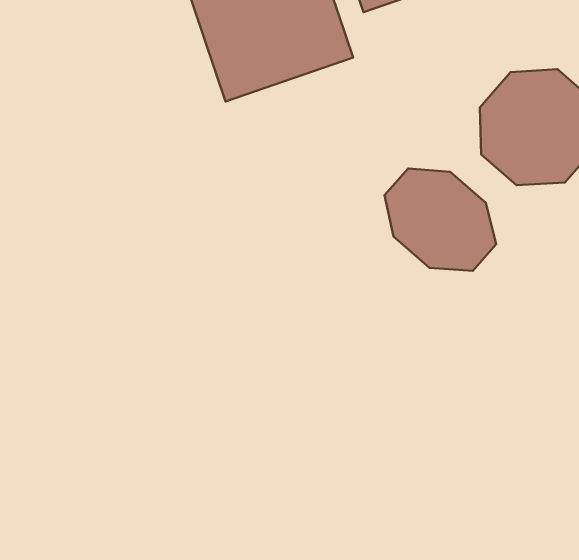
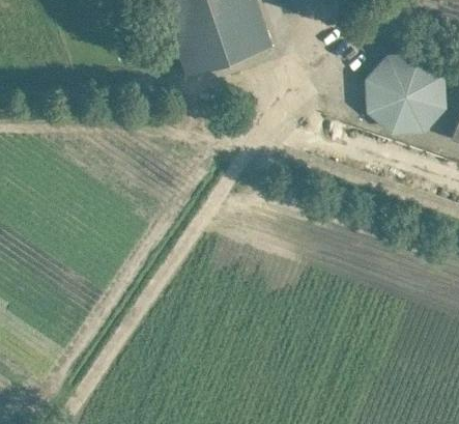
building: [385,169,496,271] -> none

